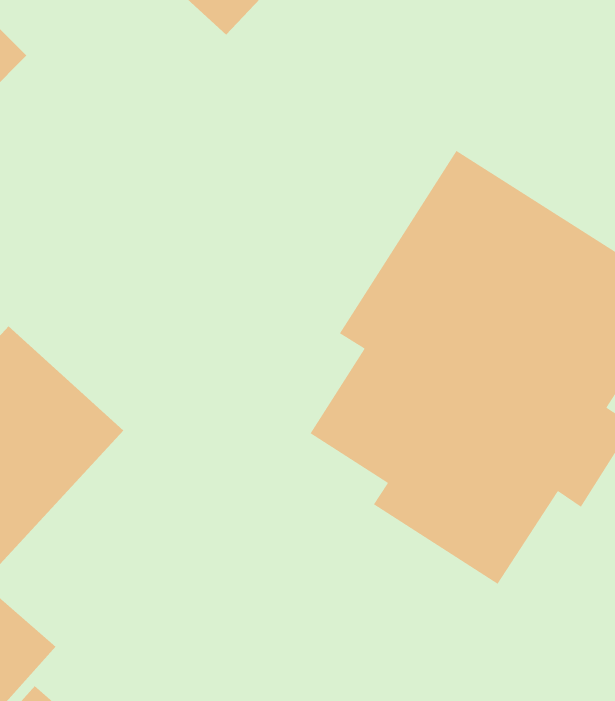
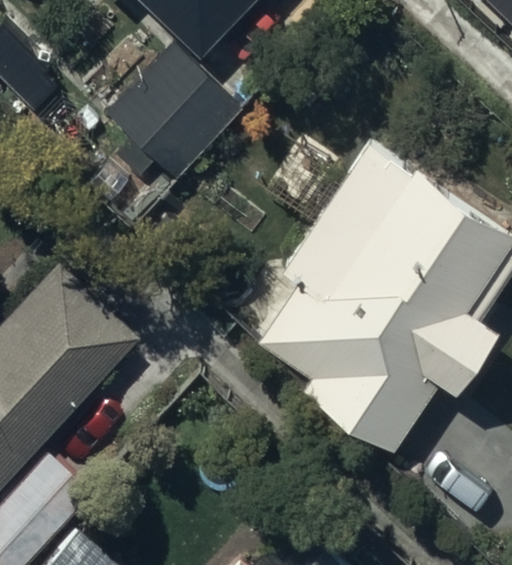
building: none -> [107,45,243,181]

